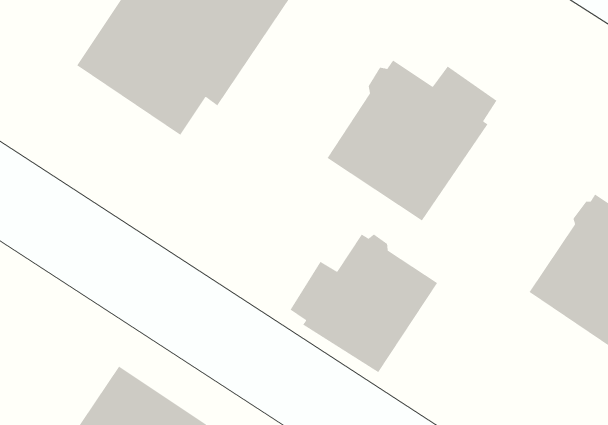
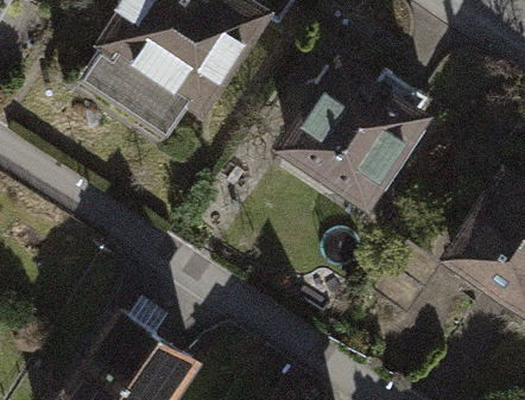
building: [290,233,438,373] -> none

